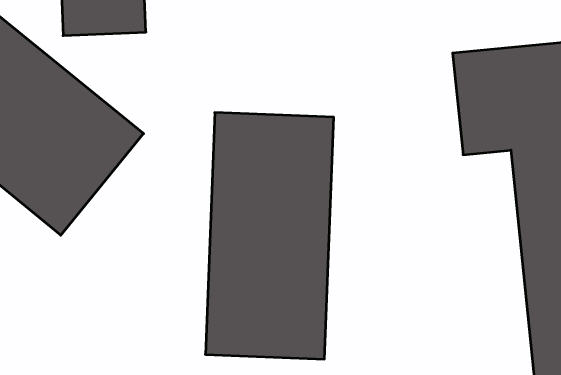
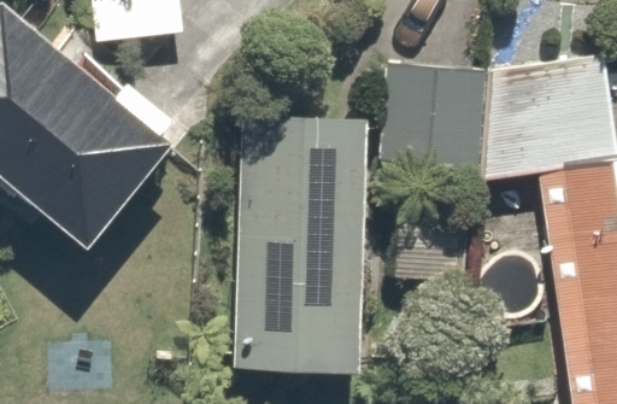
building: none -> [382,62,478,165]

